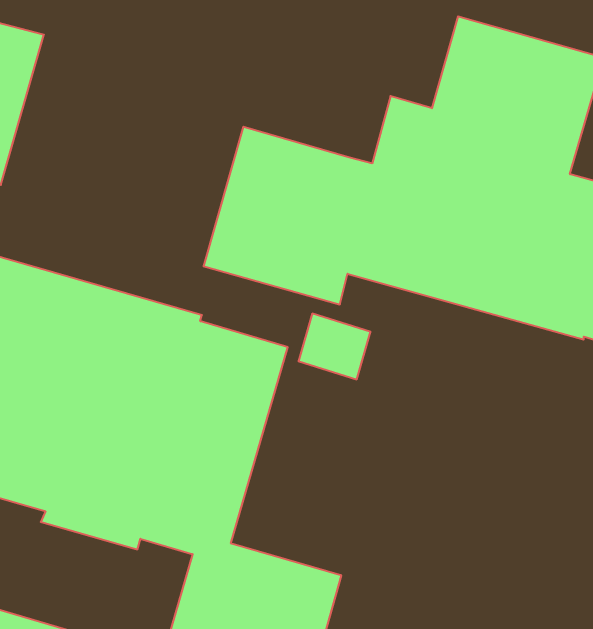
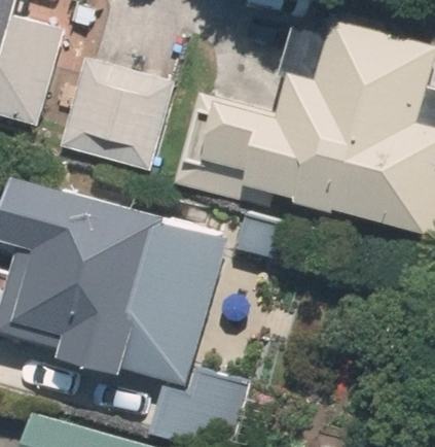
building: none -> [58,60,171,173]

